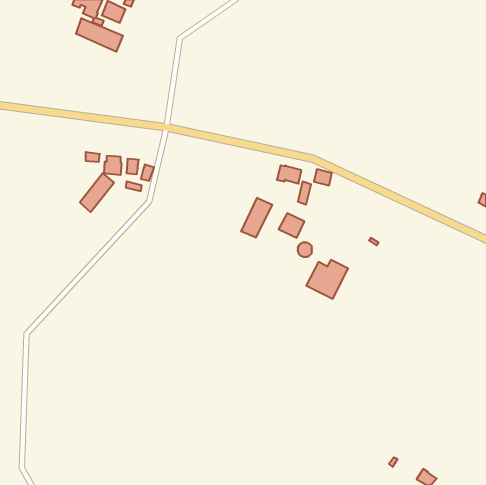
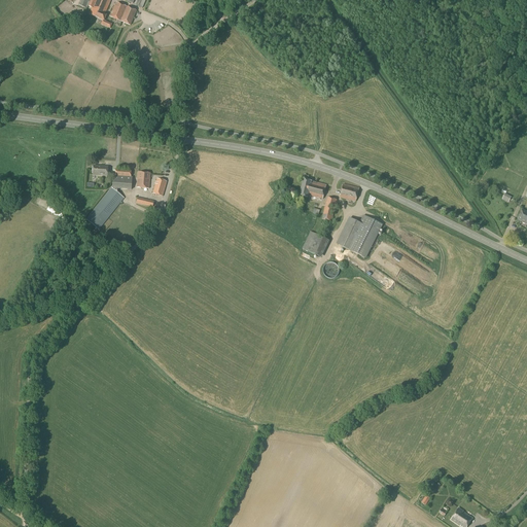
building: [76,18,123,52] -> none
building: [241,198,272,238] -> none
building: [306,260,348,299] -> [337,215,382,257]

